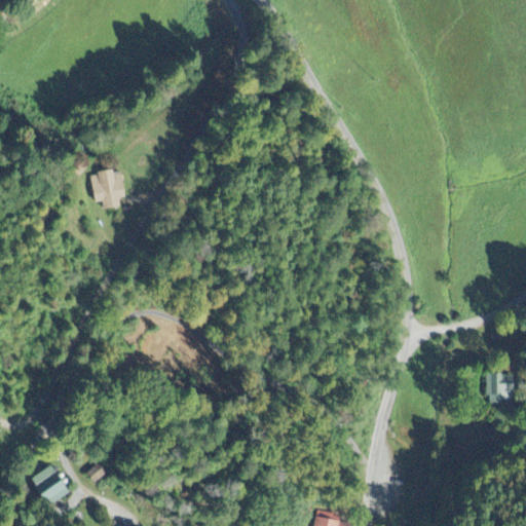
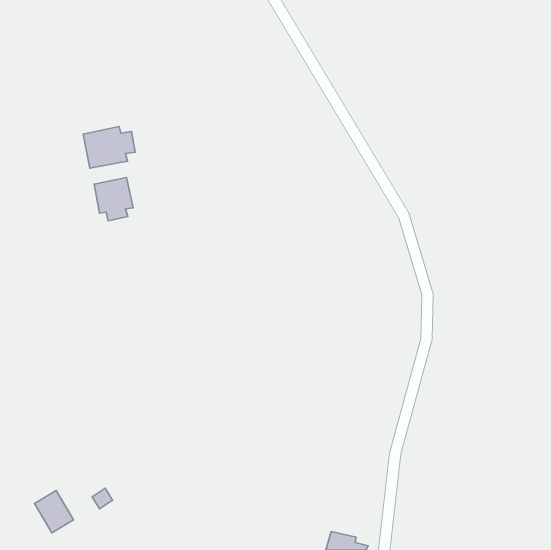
building: none -> [83,127,135,168]
building: [484,373,512,402] -> none

